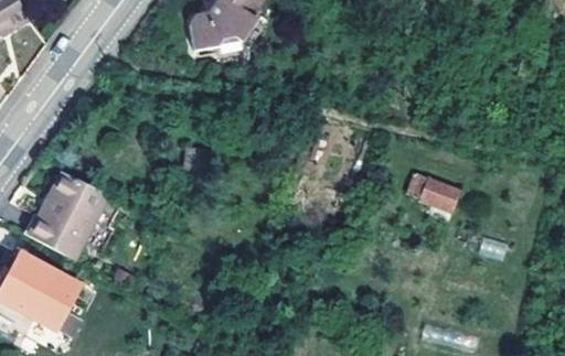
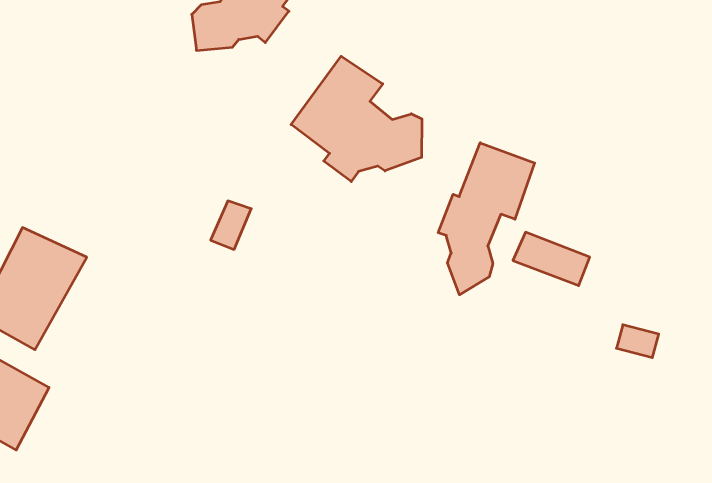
building: none -> [291,56,422,182]
building: none -> [438,143,535,295]

